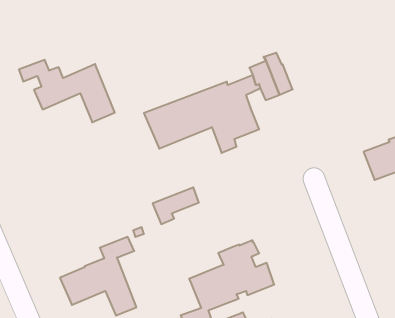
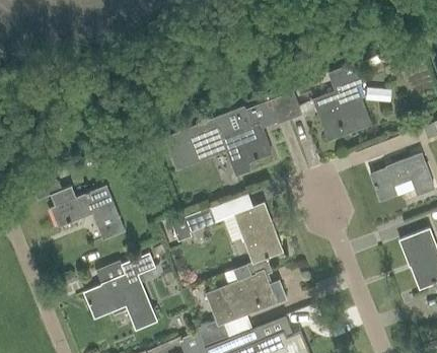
building: none -> [313,61,371,139]
building: [19,60,115,122] -> [34,180,125,238]
building: none -> [235,202,282,262]

